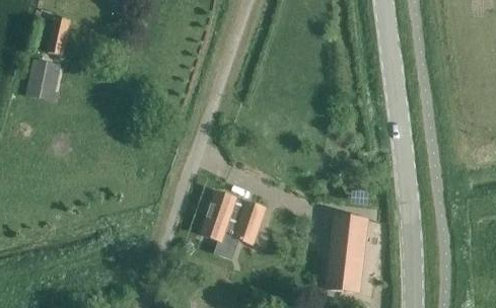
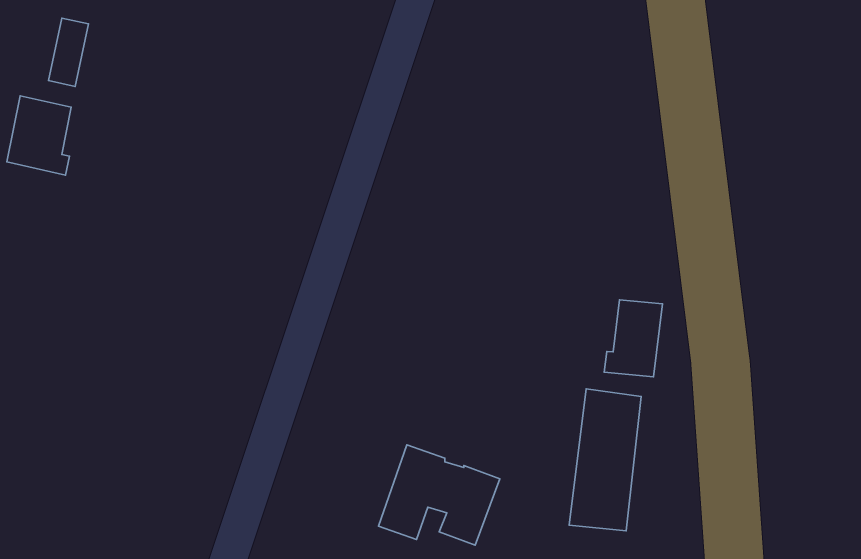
building: none -> [604,300,662,377]
building: [201,189,266,243] -> [379,445,500,545]

